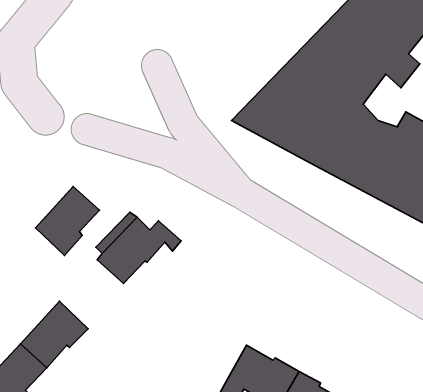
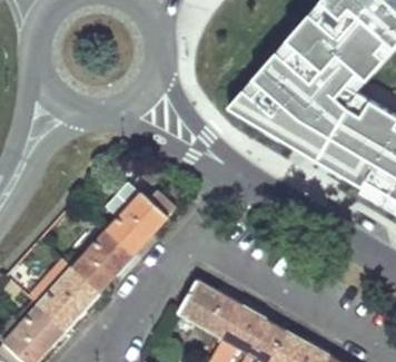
building: [36,186,100,255] -> [71,233,128,294]
building: none -> [175,281,237,339]

